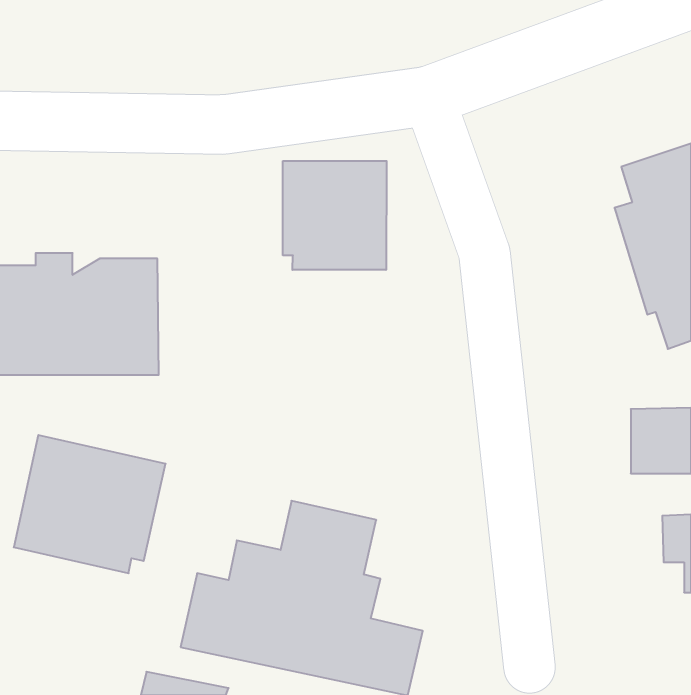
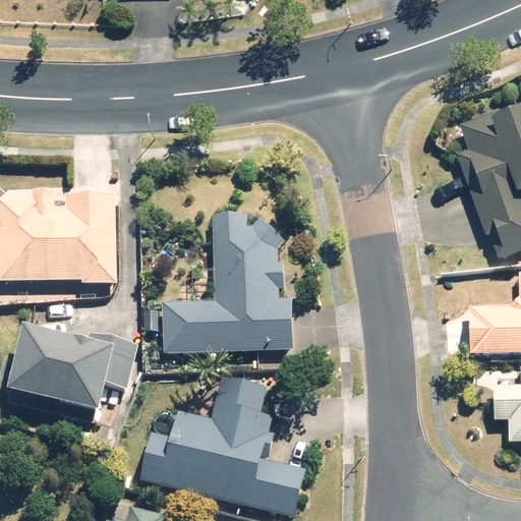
building: [283,161,387,270] -> none
building: none -> [164,212,294,351]

